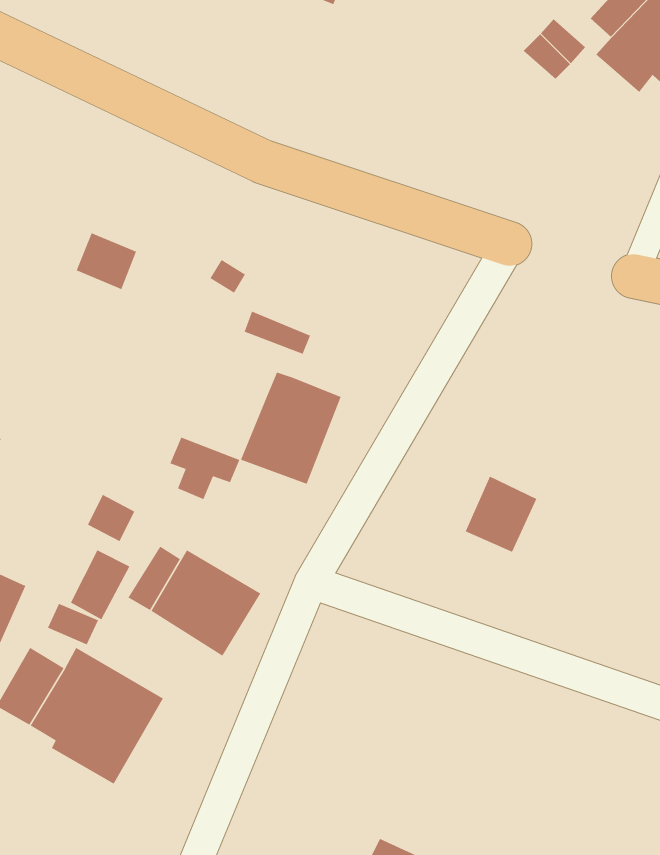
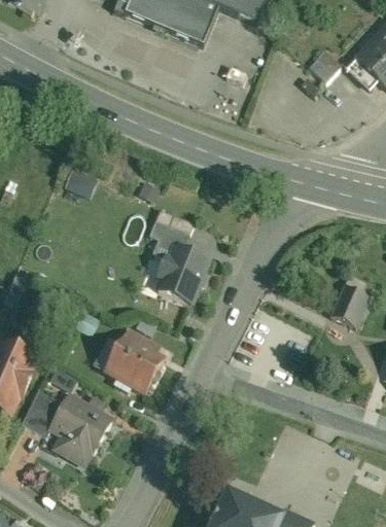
building: [169,437,240,500] -> [149,220,187,254]
building: [465,476,537,552] -> [330,283,370,324]
building: [70,550,130,620] -> none

